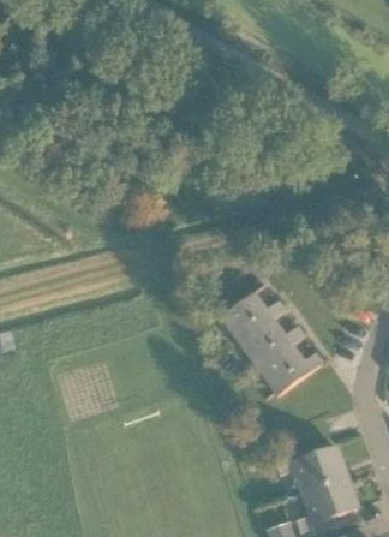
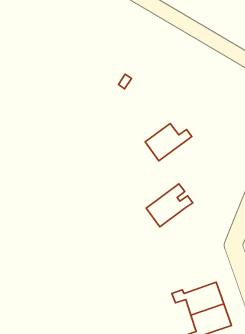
building: [220,291,285,342] -> [145,124,192,161]
building: [258,342,323,395] -> none

